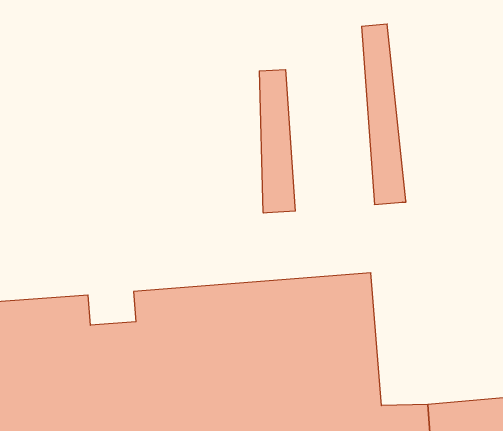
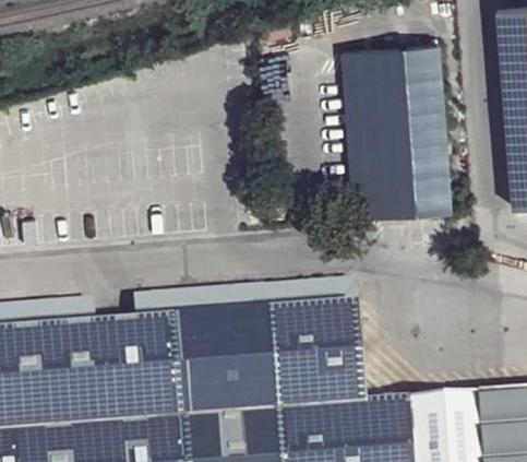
building: none -> [371,48,450,217]
building: [259,70,295,213] -> none

